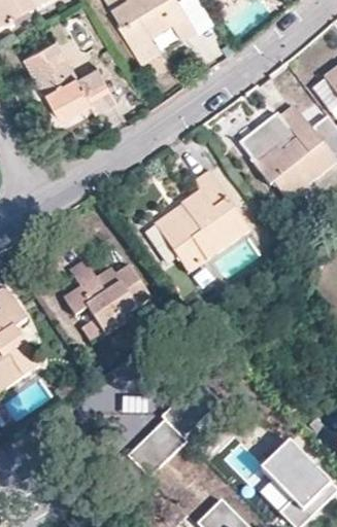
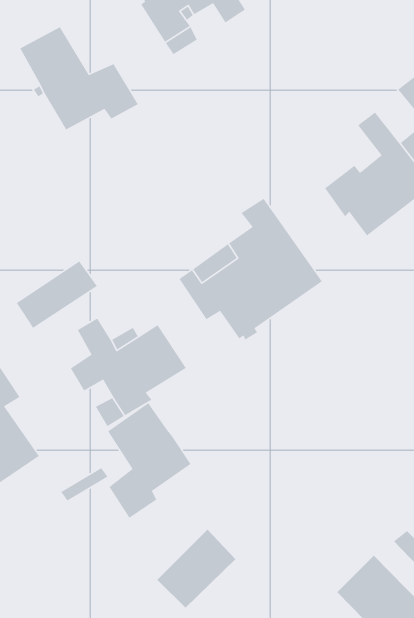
building: [238,111,296,162] -> none
building: none -> [16,260,98,329]
building: none -> [107,402,191,519]

